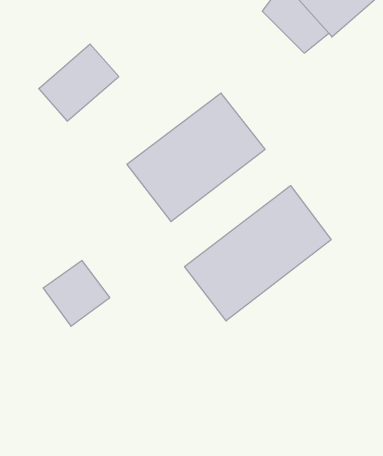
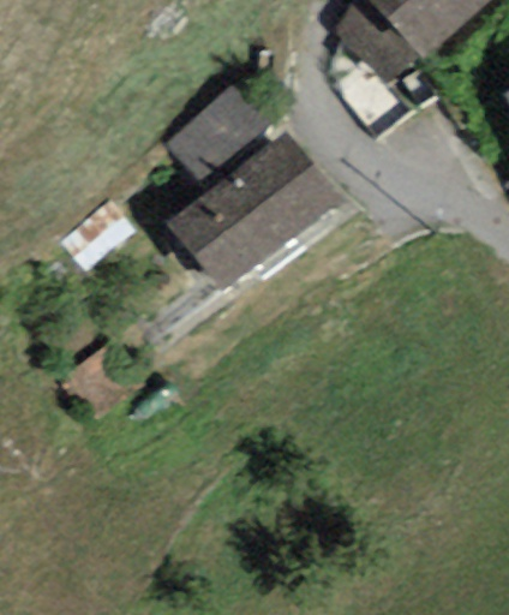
building: [39,44,119,121] -> [167,85,268,183]
building: [185,186,331,321] -> none

